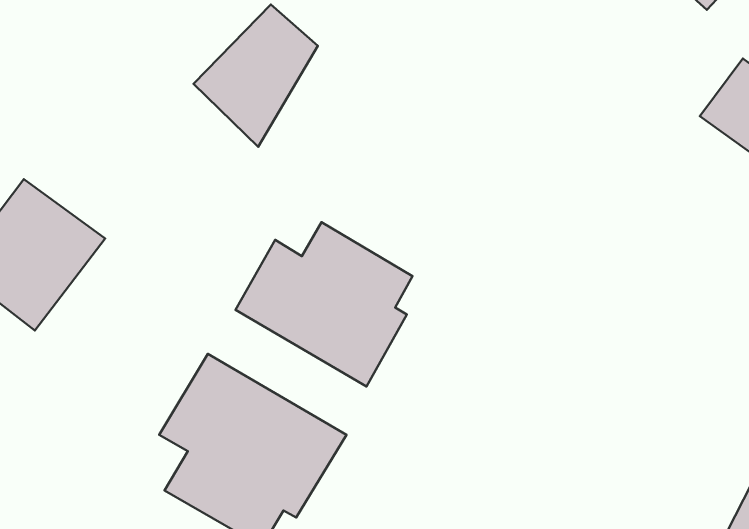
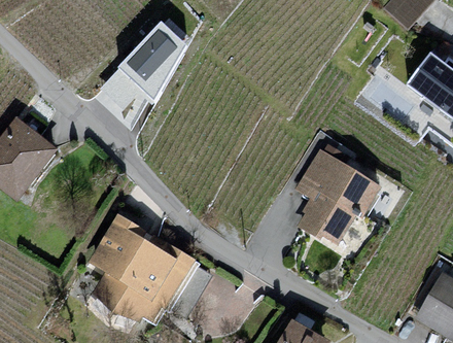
building: [235,222,413,386] -> none
building: none -> [295,151,382,246]

